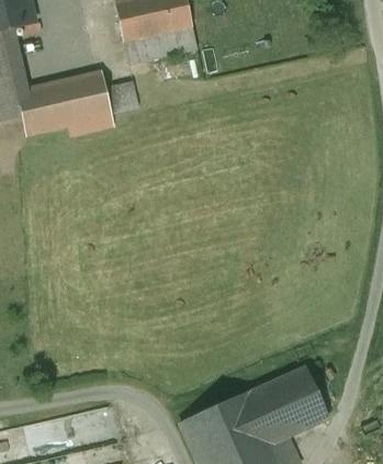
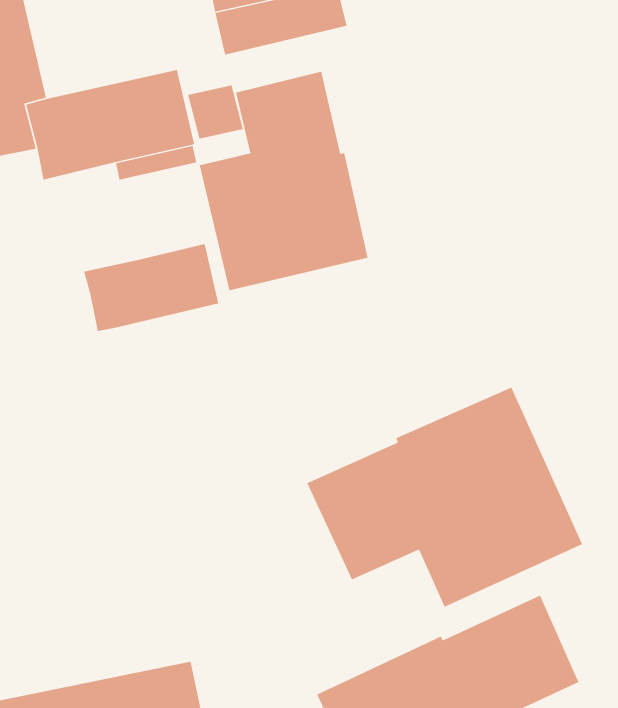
building: none -> [199,71,369,291]
building: none -> [83,243,219,332]
building: none -> [306,387,583,608]

